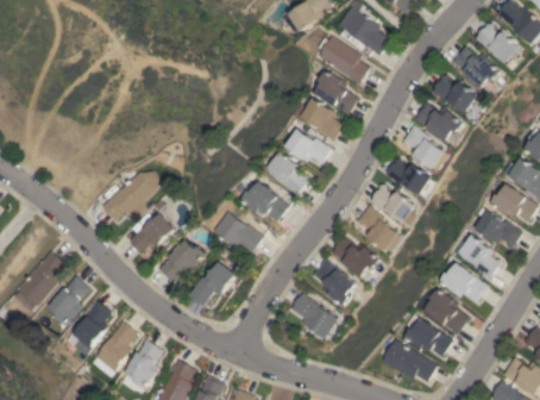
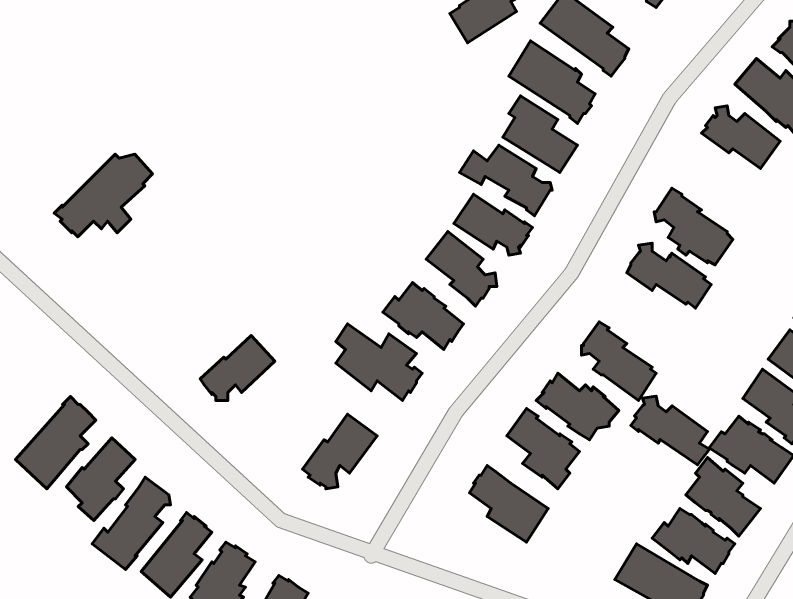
building: [415,102,466,142] -> none
building: [101,171,161,221] -> [54,154,153,237]
building: [372,185,420,226] -> [631,396,709,465]
building: [158,239,207,283] -> none

